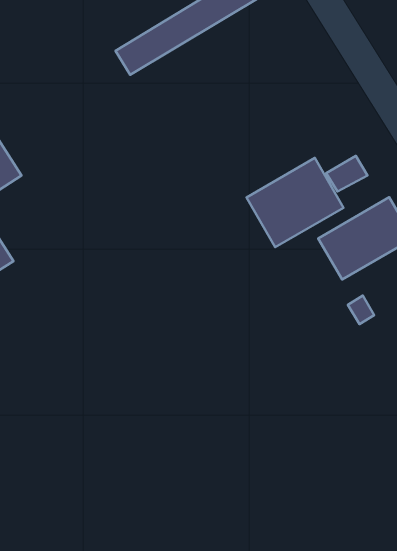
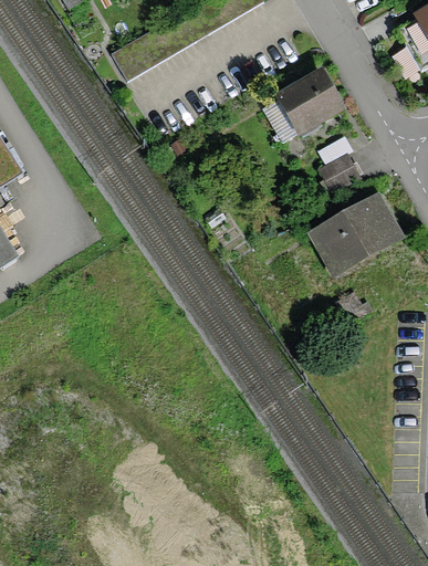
building: none -> [275,71,340,133]
building: [246,158,344,247] -> none

